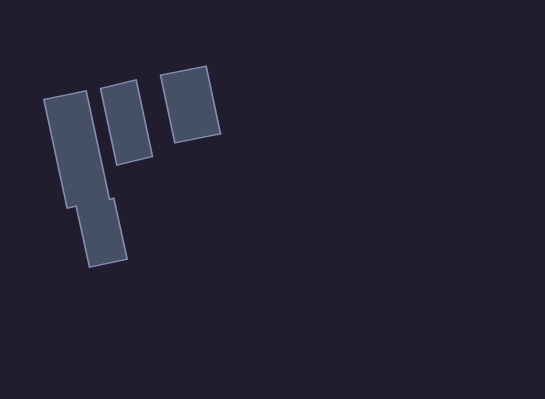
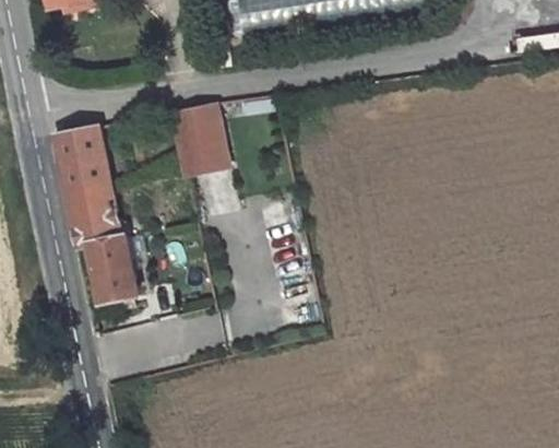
building: [101,80,152,165] -> none

